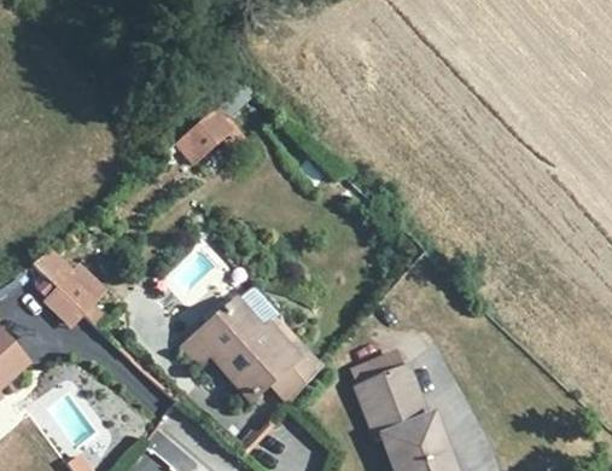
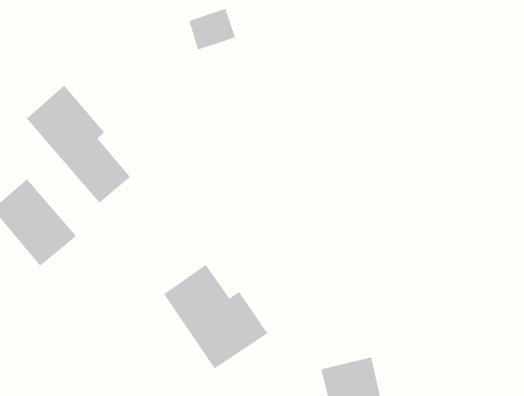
building: [188,109,235,152] -> [189,8,236,50]
building: none -> [26,85,131,204]

